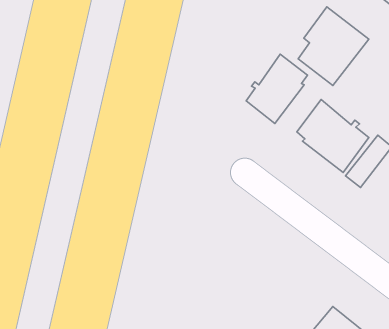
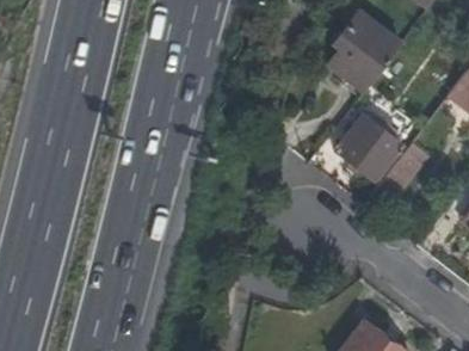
building: [246,54,307,124] -> none

